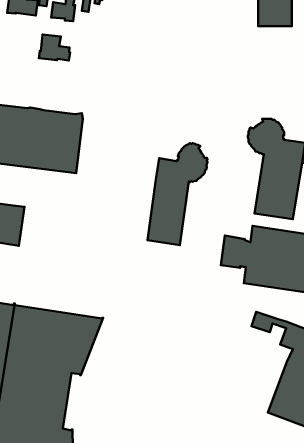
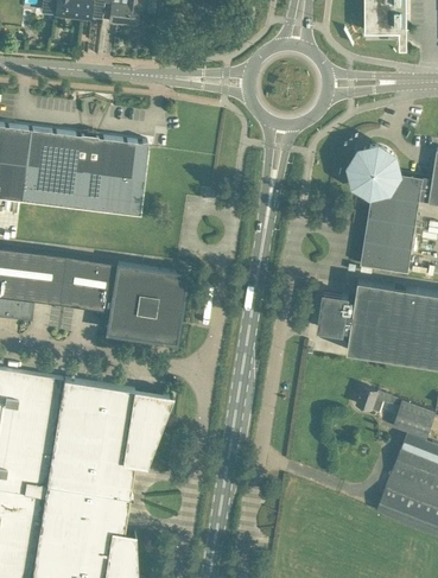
building: [39,34,70,60] -> none
building: [147,143,207,245] -> none
building: none -> [69,259,186,344]

